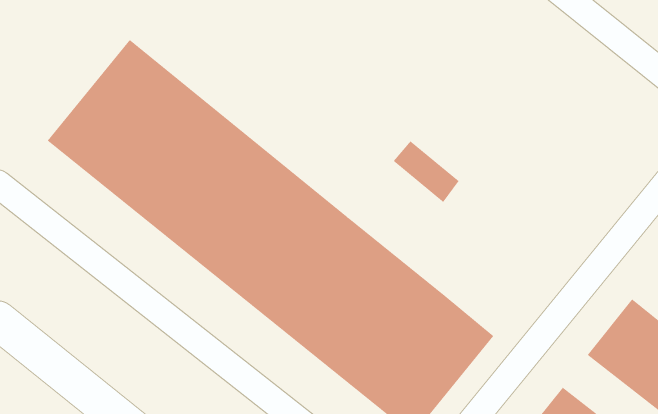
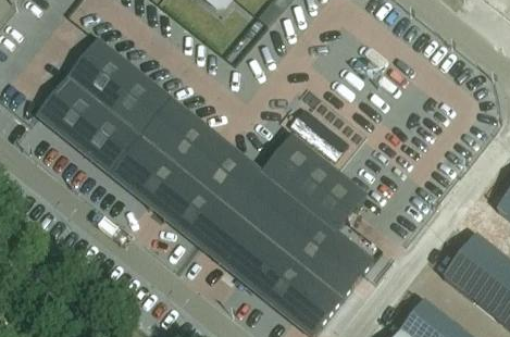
building: none -> [263,135,365,230]

